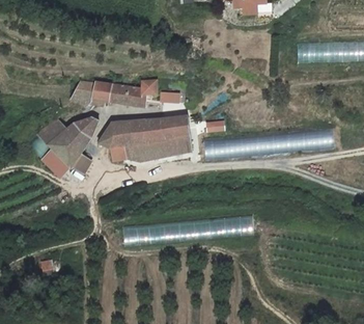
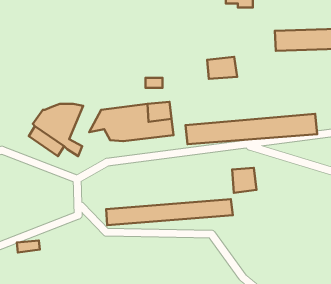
building: none -> [207,57,237,79]
building: [68,79,157,108] -> none
building: none -> [232,168,256,193]

